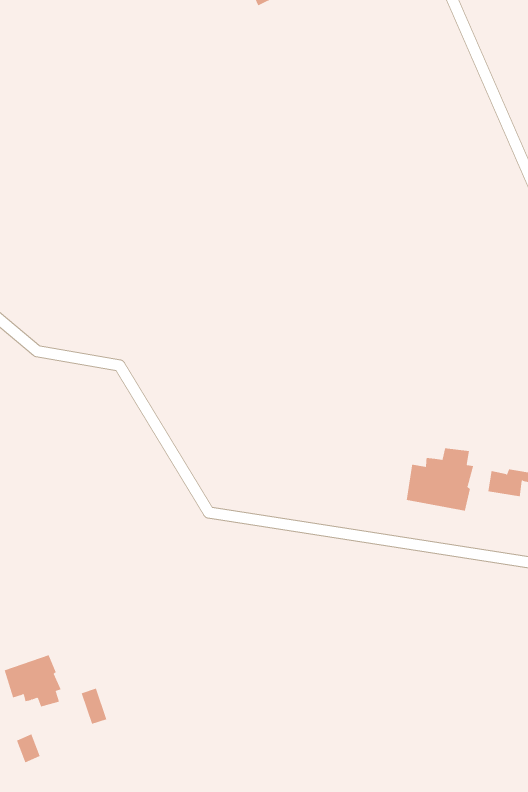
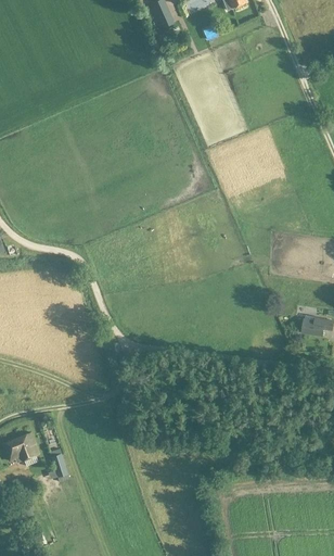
building: [406,448,474,512] -> none

